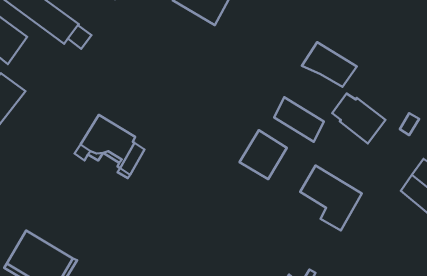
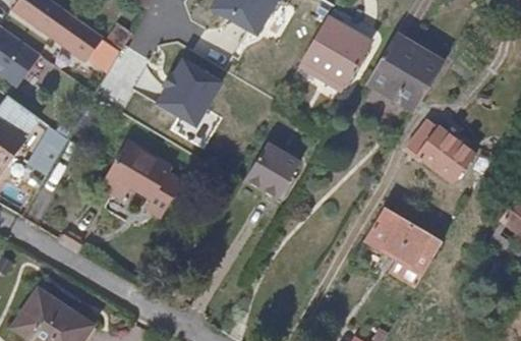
building: none -> [299,16,367,83]
building: none -> [164,60,225,125]
building: [274,97,324,142] -> [387,34,447,88]
building: none -> [25,126,64,175]
building: [239,130,287,179] -> [242,141,299,201]

